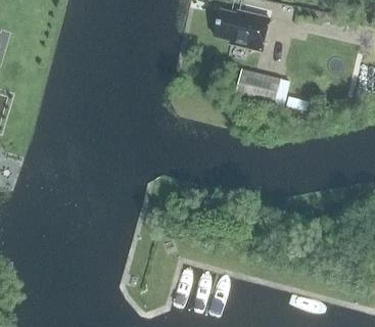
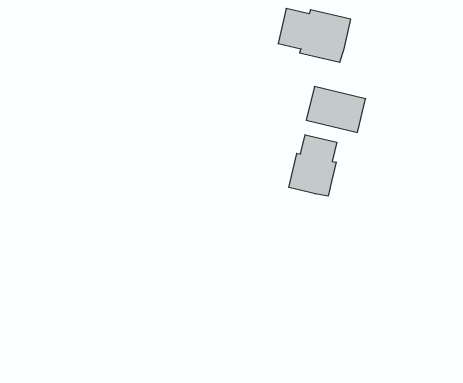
building: none -> [289,135,337,196]

